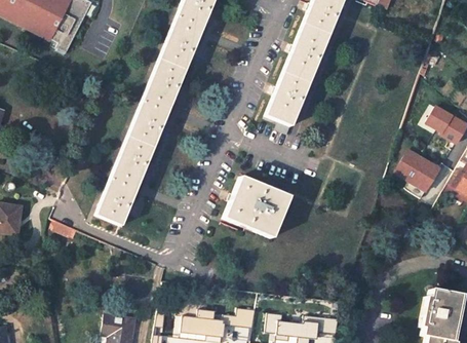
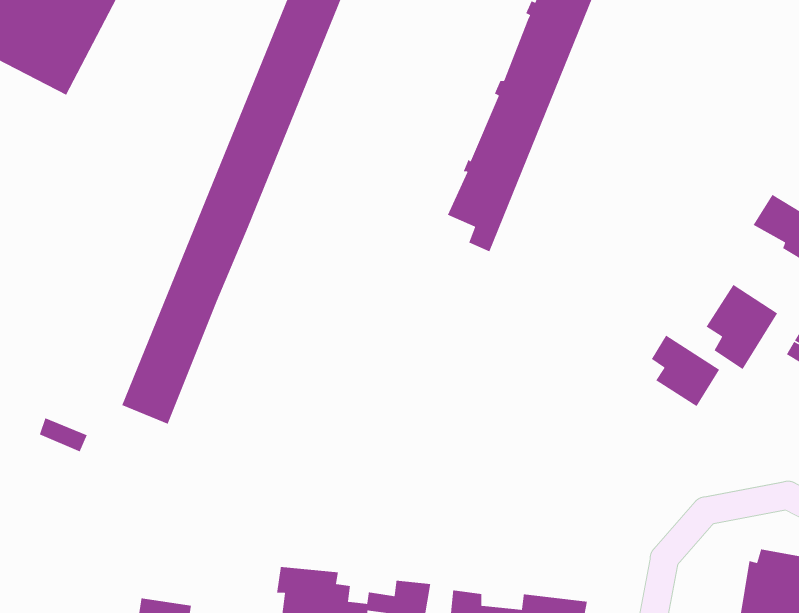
building: [225,178,289,239] -> none
building: none -> [651,334,720,407]

